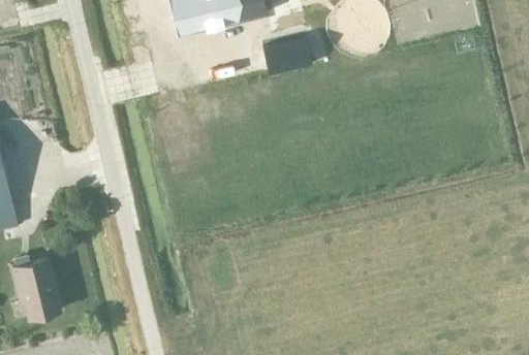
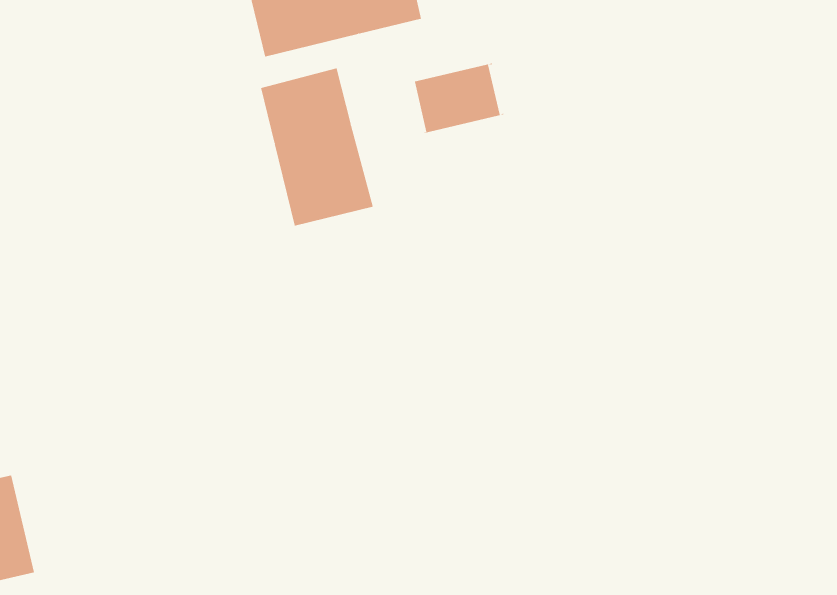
building: none -> [261,68,373,227]

